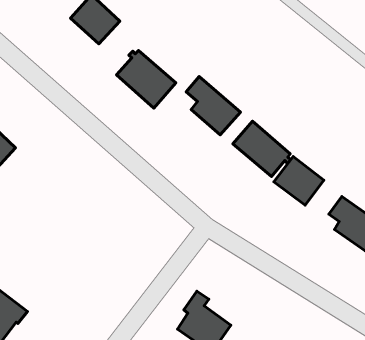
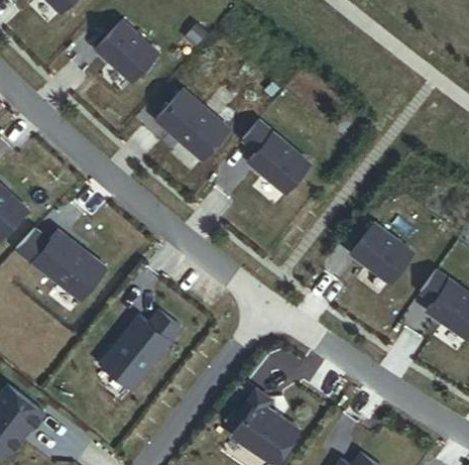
building: [233,121,291,176] -> none
building: none -> [16,229,106,301]
building: none -> [98,312,182,392]

